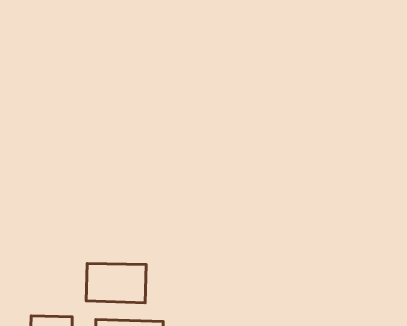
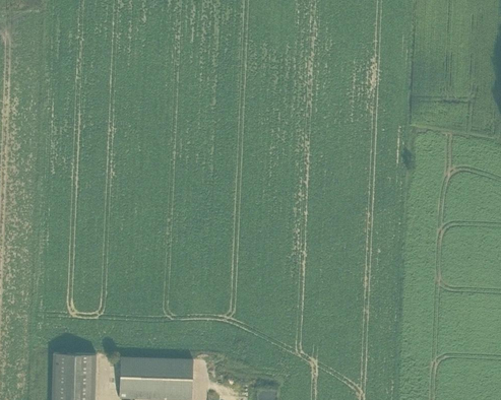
building: [86,263,146,303] -> none

